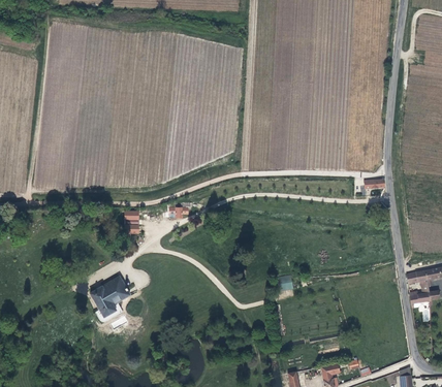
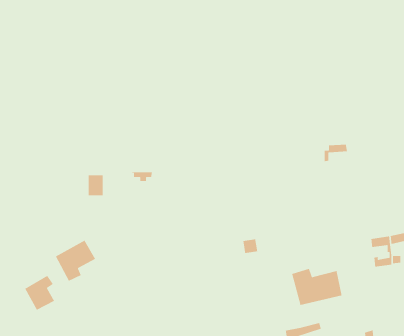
building: none -> [291,268,343,306]
building: none -> [24,275,55,311]

